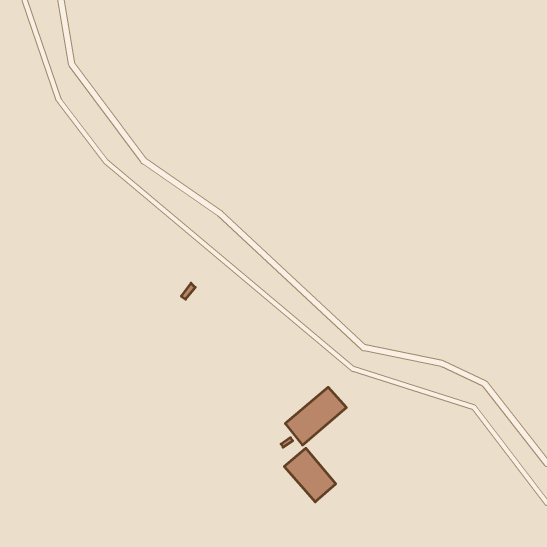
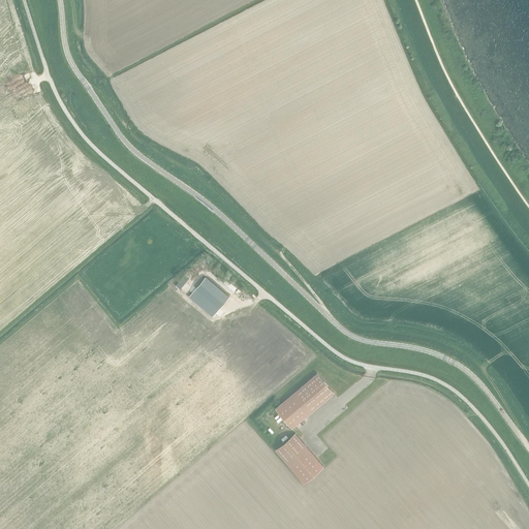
building: none -> [188,278,228,317]

